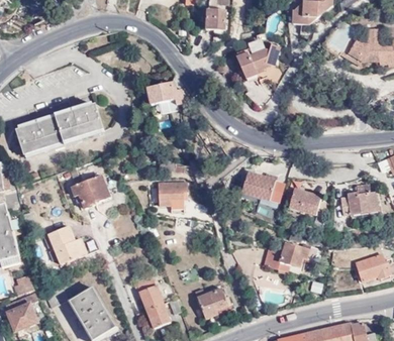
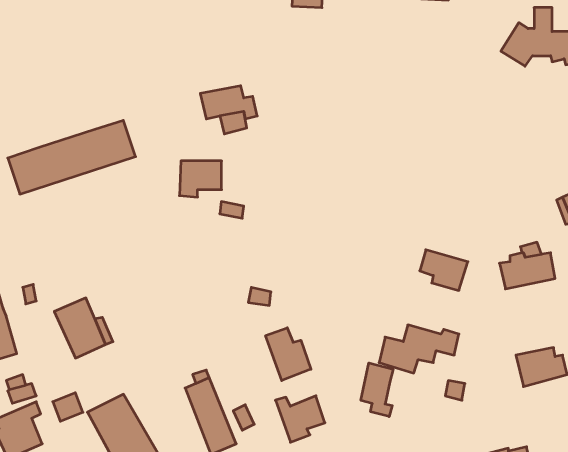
building: [237,42,281,82] -> none
building: [245,172,281,204] -> none
building: [70,175,110,208] -> none
building: [158,182,186,206] -> [179,161,222,197]
building: none -> [266,328,311,381]
building: none -> [361,363,393,417]

